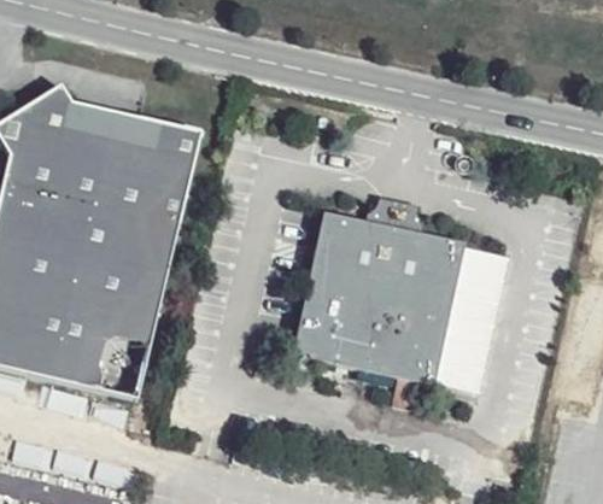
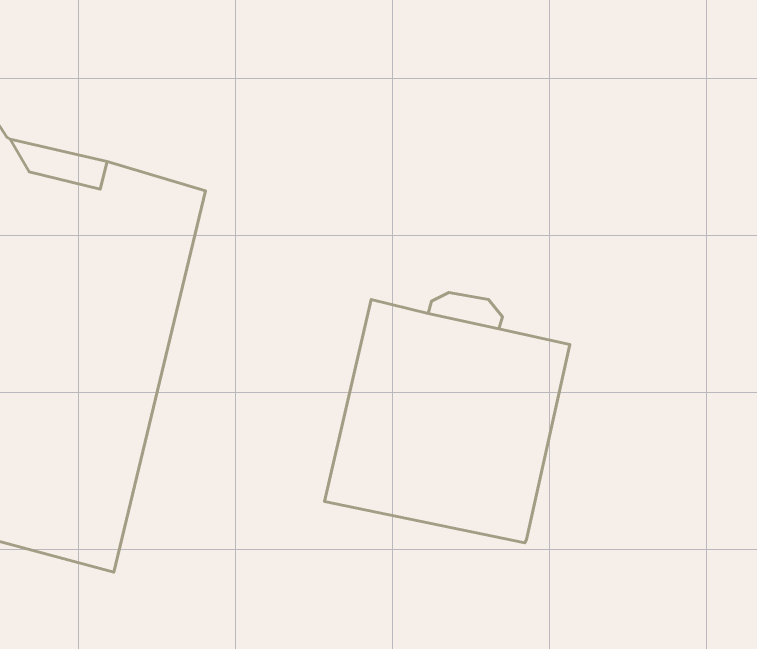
building: [428,246,502,388] -> none

